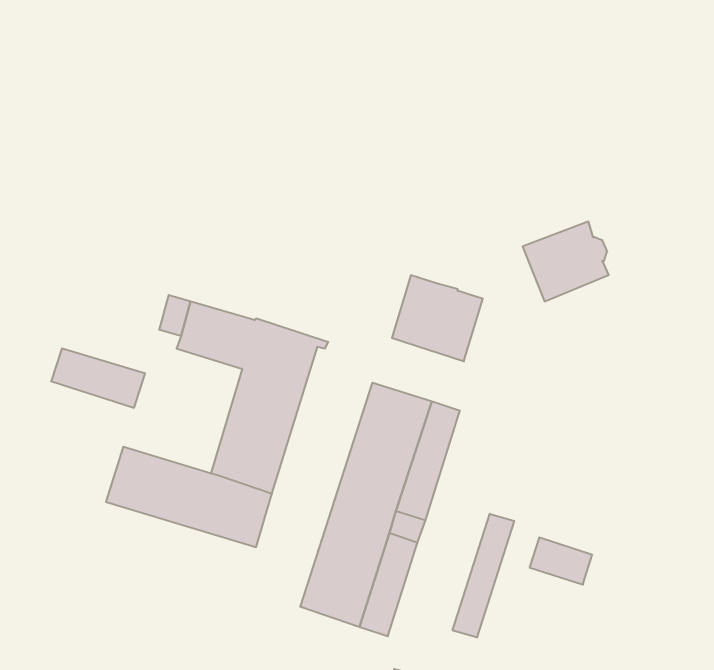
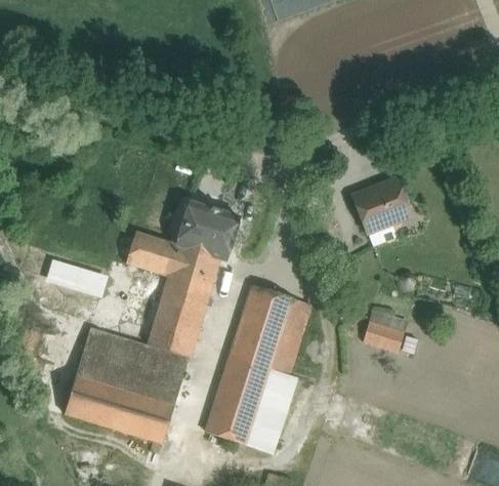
building: [392,275,483,361] -> [178,202,238,258]
building: none -> [65,363,178,442]
building: [453,514,514,638] -> none
building: [530,538,592,585] -> [363,321,404,352]

